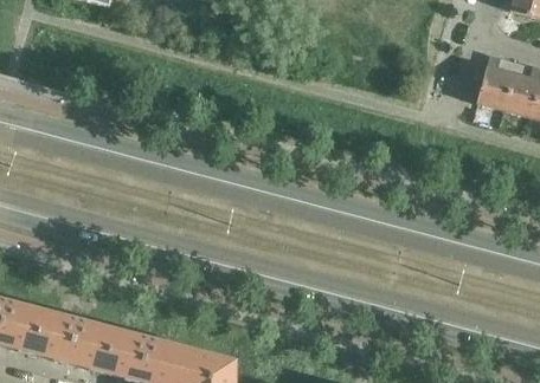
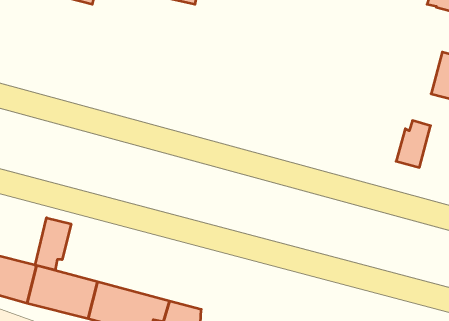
building: [477,56,517,110] -> [396,121,431,167]
building: none -> [35,218,71,270]

